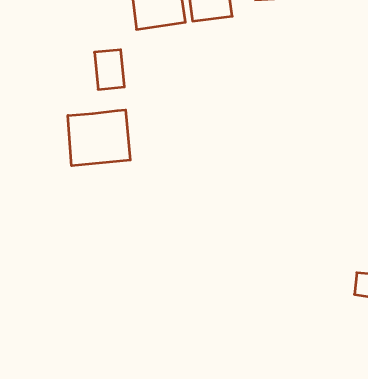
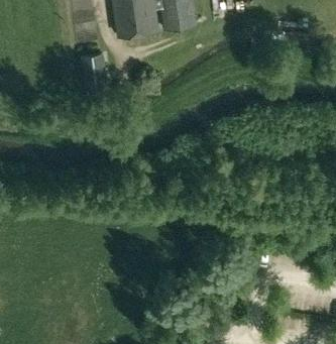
building: [68,110,130,166] -> none

